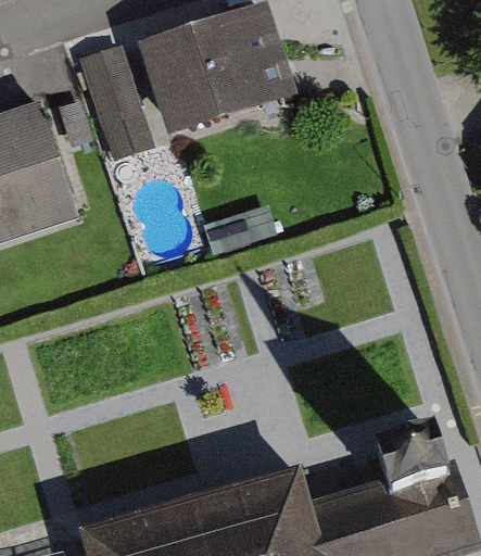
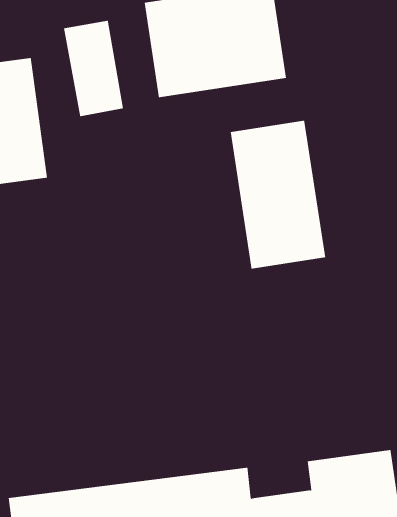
building: none -> [230,120,326,269]

